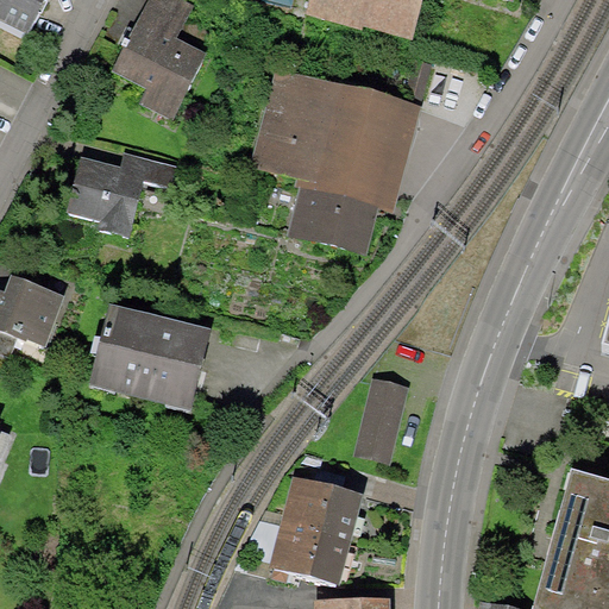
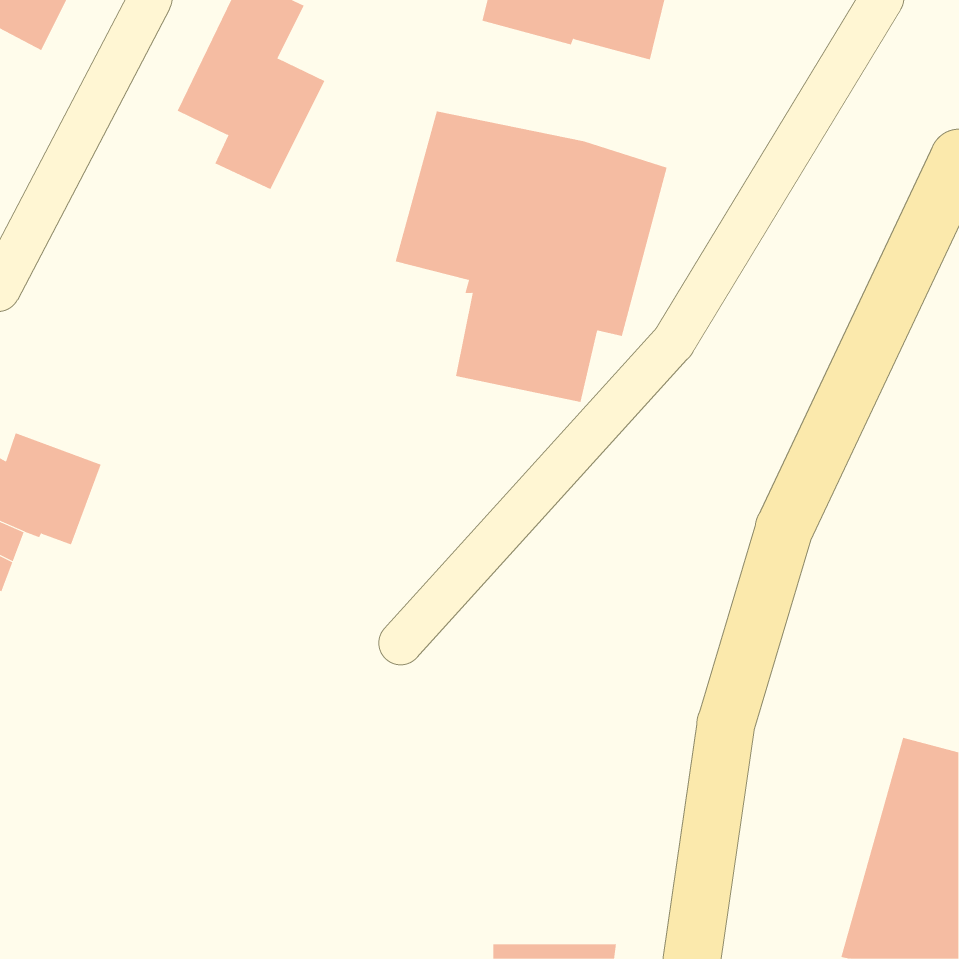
building: [64,152,176,237] -> none
building: [89,306,211,406] -> none
building: [352,385,406,469] -> none
building: [272,484,363,589] -> none

